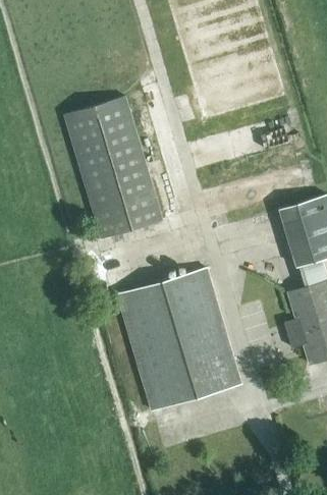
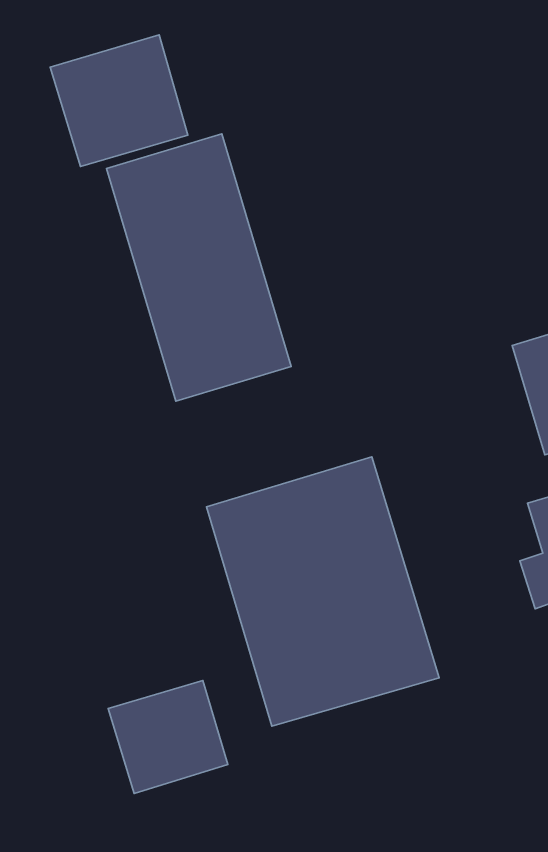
building: none -> [50,35,188,166]
building: none -> [108,681,228,794]

